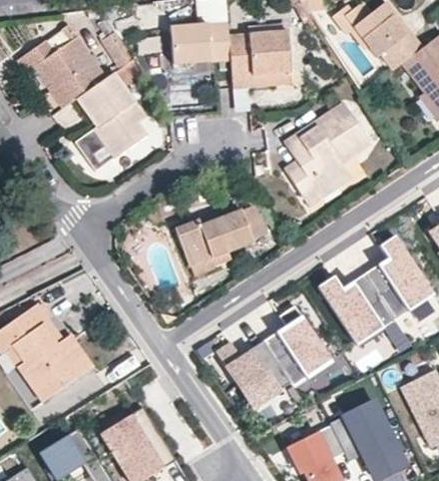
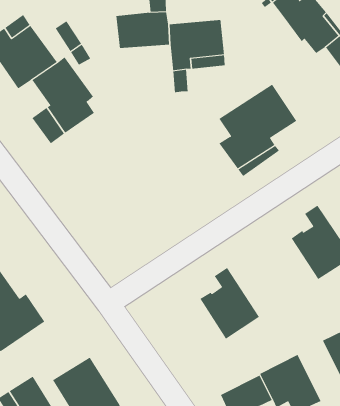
building: [175,209,254,275] -> none
building: [318,274,395,346] -> none
building: [217,341,291,402] -> none

